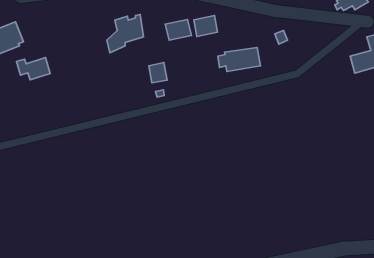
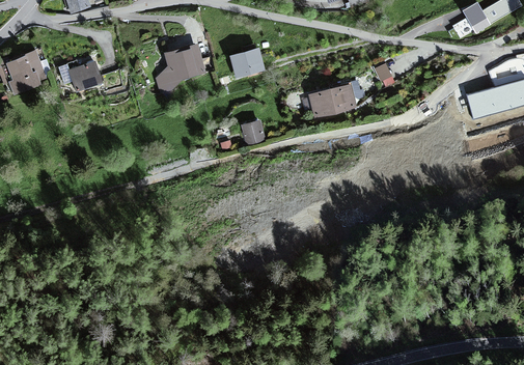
building: [194,15,218,37] -> none
building: [17,58,50,80] -> [58,60,102,89]
building: [149,63,167,83] -> [241,119,265,145]

